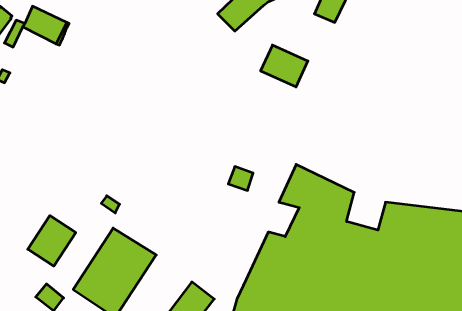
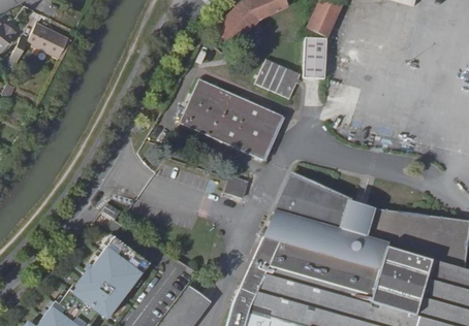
building: none -> [303,37,326,78]
building: none -> [179,78,285,161]
building: none -> [338,200,375,236]
building: none -> [263,210,292,242]
building: [28,216,76,266] -> none

